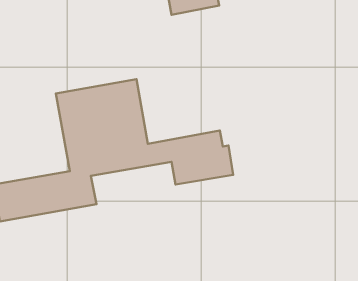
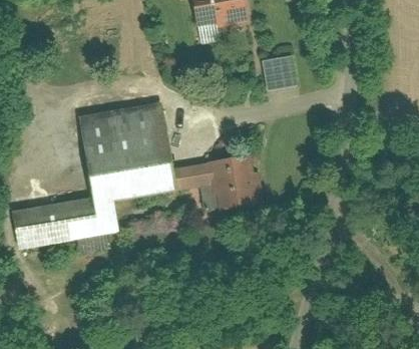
building: none -> [262,55,295,89]

